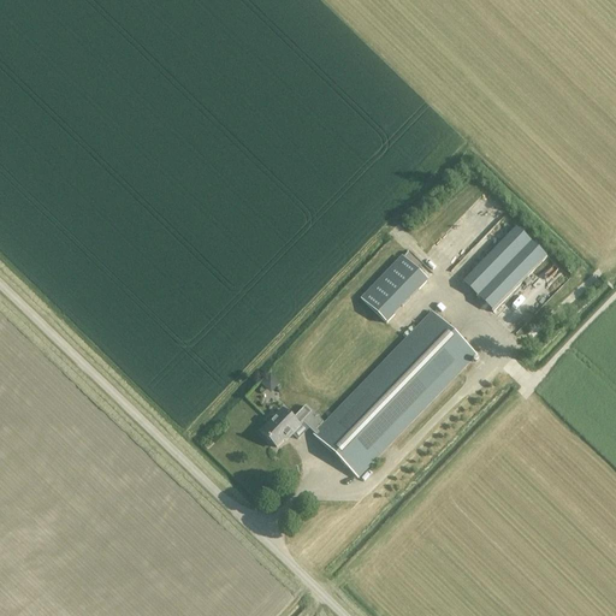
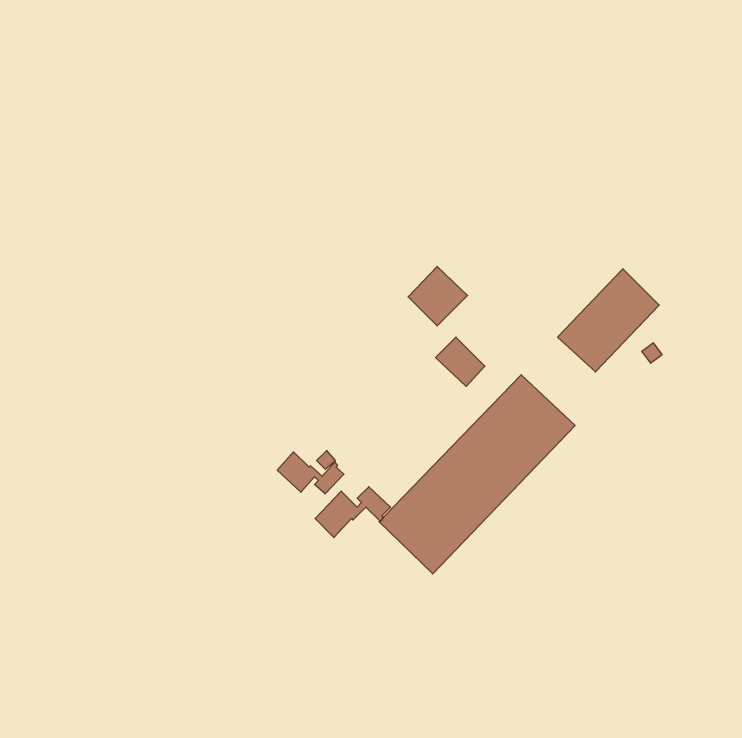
building: [378,254,427,303] -> [408,266,468,326]
building: none -> [277,452,344,494]

